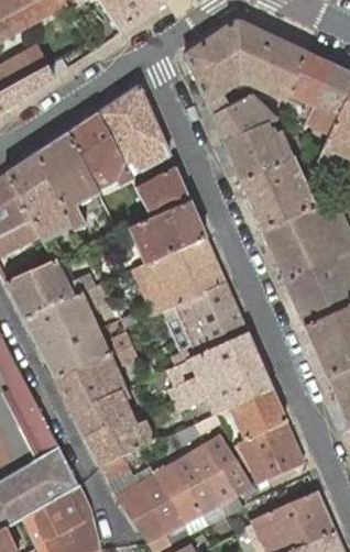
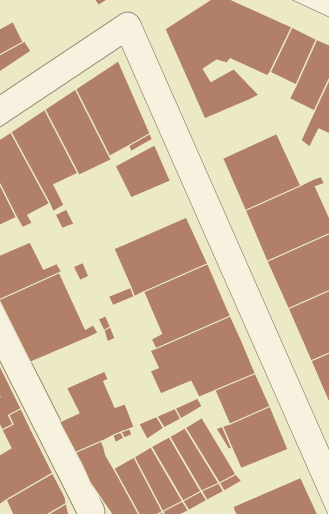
building: [223,121,292,179] -> none
building: [130,201,206,263] -> none
building: [54,353,127,435] -> none

